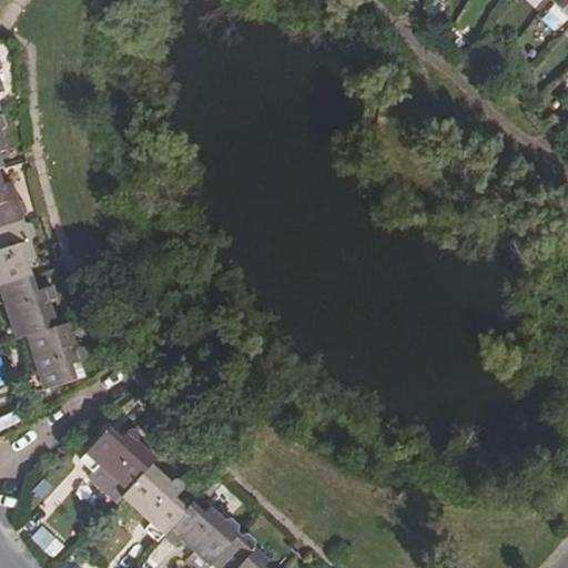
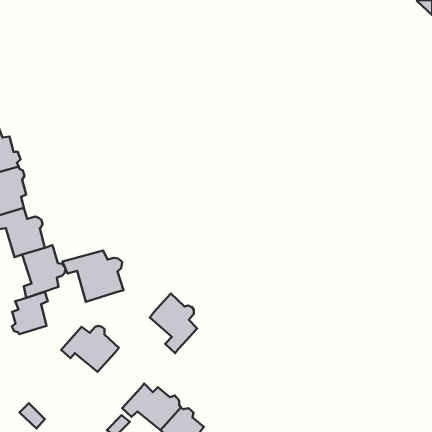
building: none -> [63,250,124,302]
building: none -> [12,292,48,334]
building: [122,464,184,541] -> [150,294,197,353]

